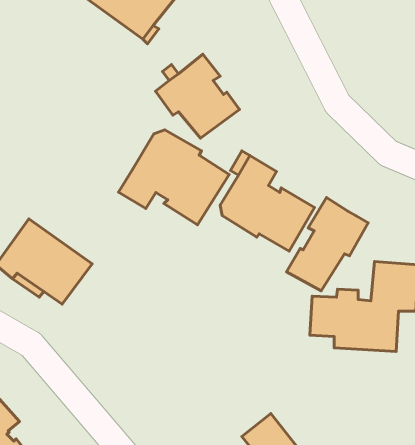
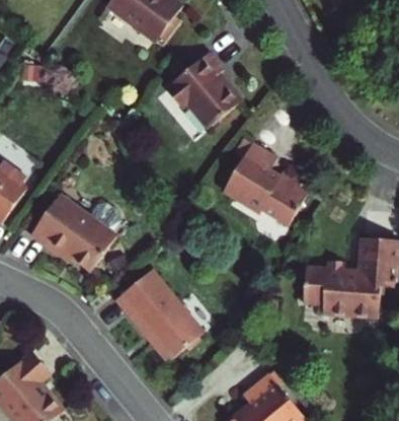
building: [118,130,229,225] -> none
building: [286,198,368,291] -> none
building: none -> [117,265,205,353]

